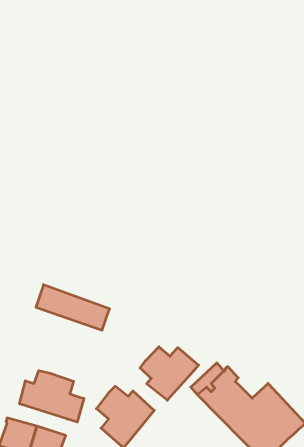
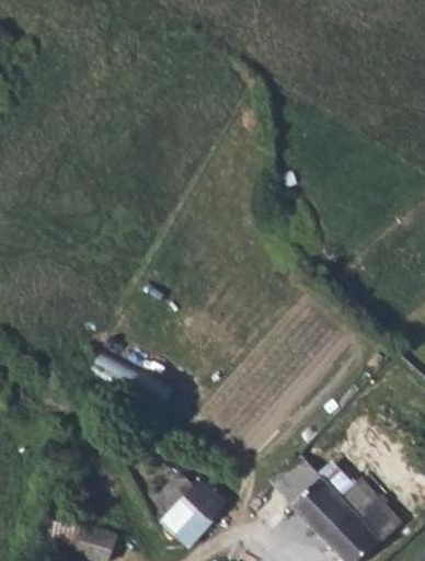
building: [140,347,199,400] -> none
building: [20,371,84,422] -> none

